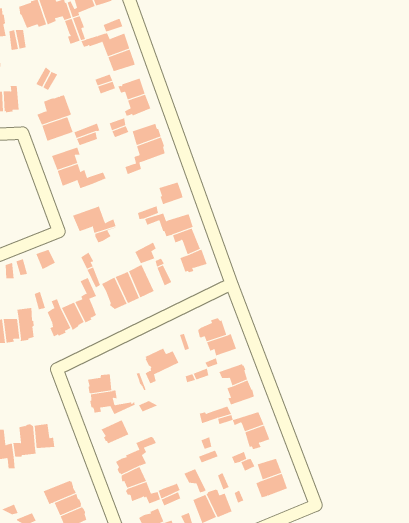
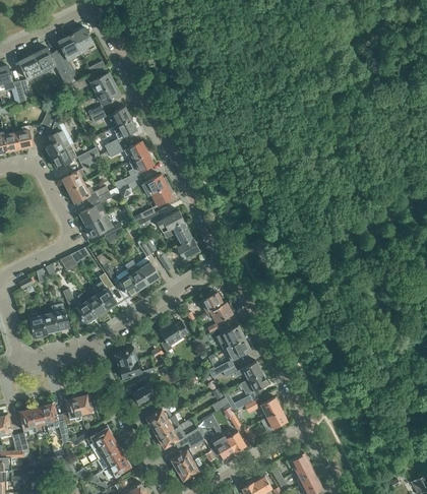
building: none -> [123,175,167,196]
building: none -> [80,191,112,225]
building: none -> [69,427,113,449]

